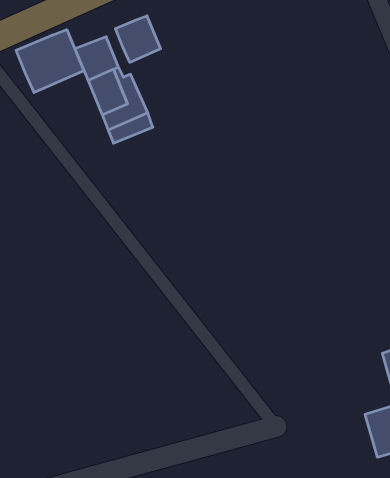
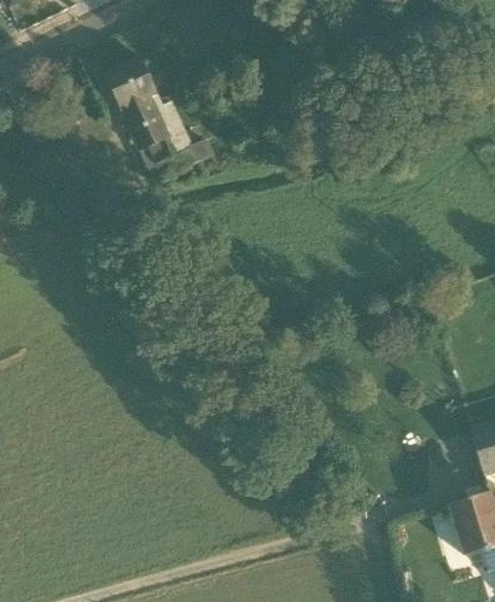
building: [115,16,161,62] -> none
building: [16,30,84,93] -> none

